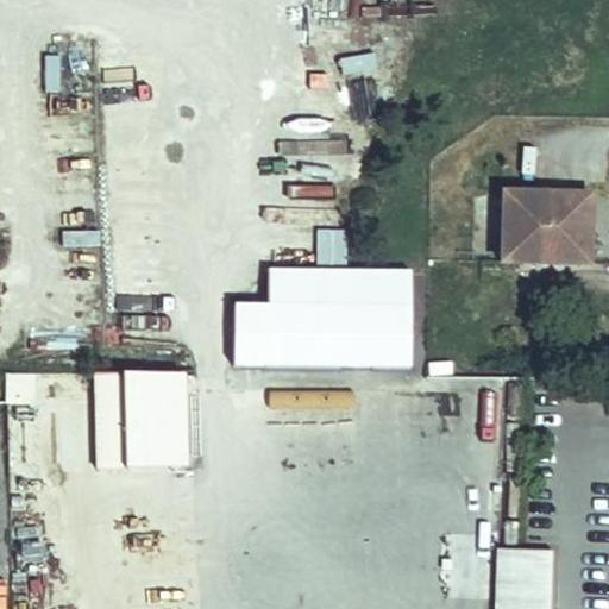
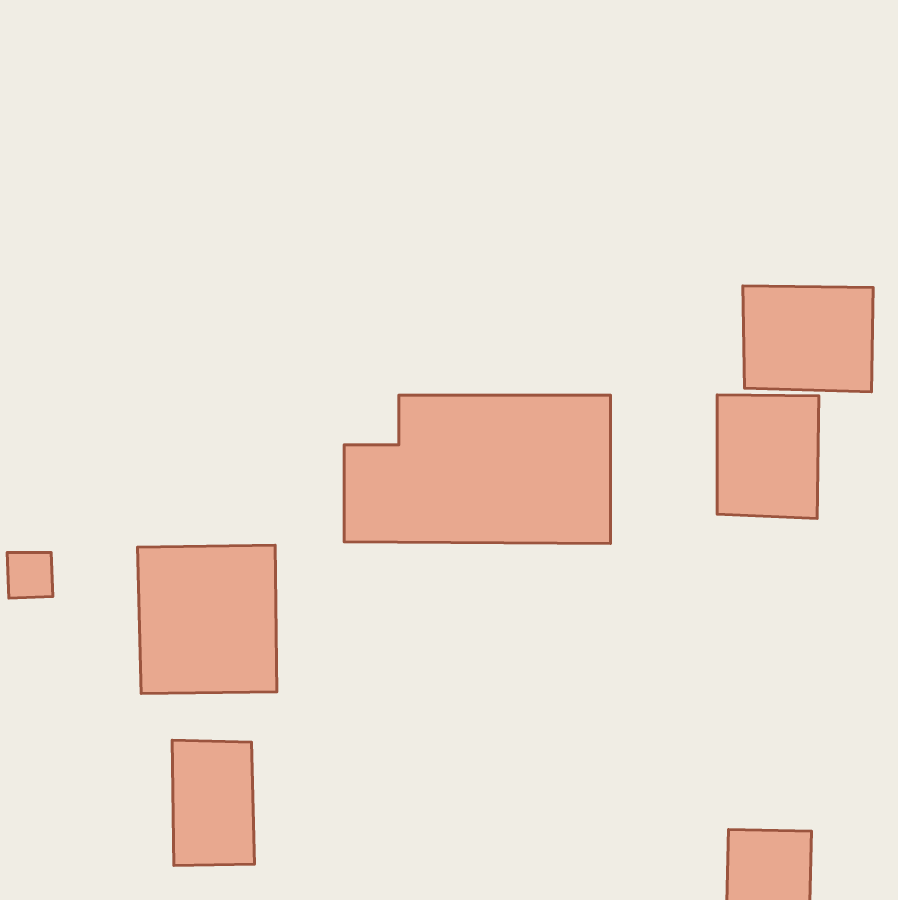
building: none -> [717,395,819,518]
building: none -> [172,740,255,866]

